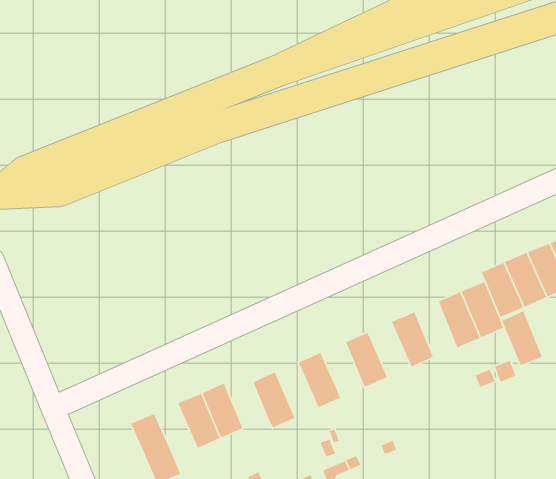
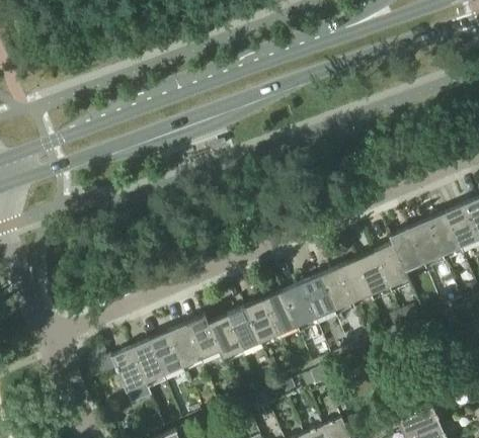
building: [501,310,543,366] -> [338,259,372,303]
building: none -> [301,275,335,320]
building: none -> [263,291,298,336]
building: none -> [227,308,261,352]
building: none -> [186,316,221,360]
building: none -> [131,340,165,384]

